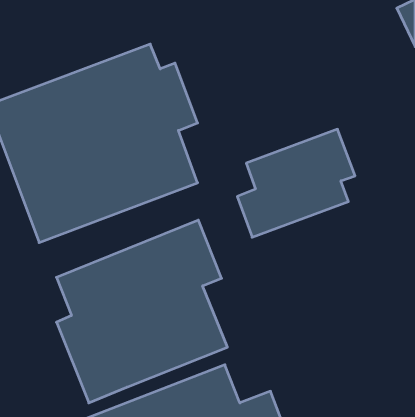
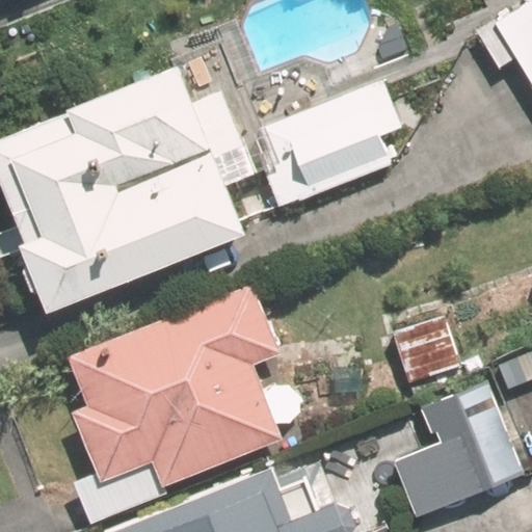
building: [237,129,355,237] -> [256,77,403,212]
building: none -> [388,381,501,521]

